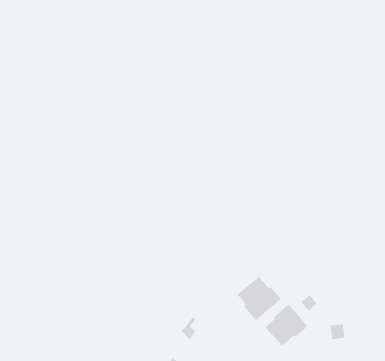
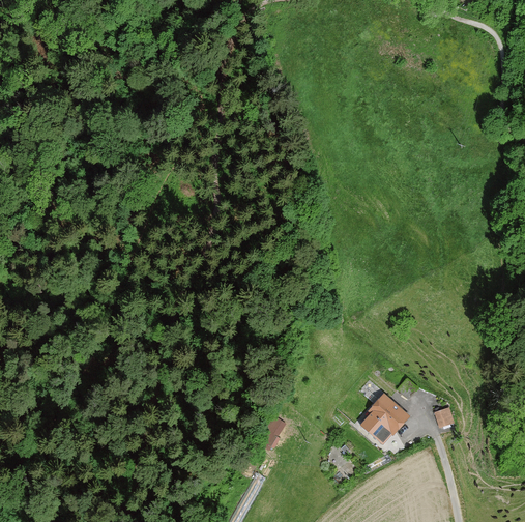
building: [237,276,282,321] -> none

